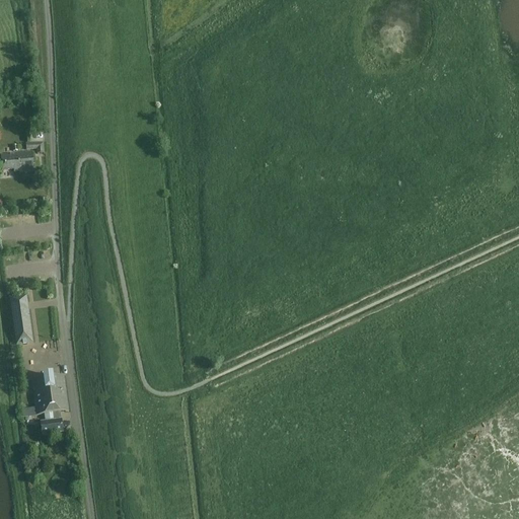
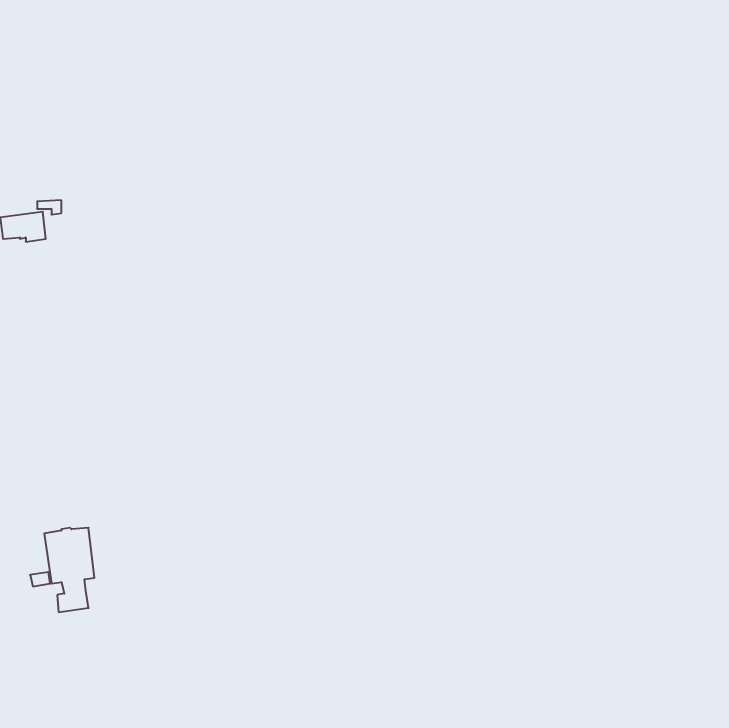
building: [9,294,30,344] -> none

